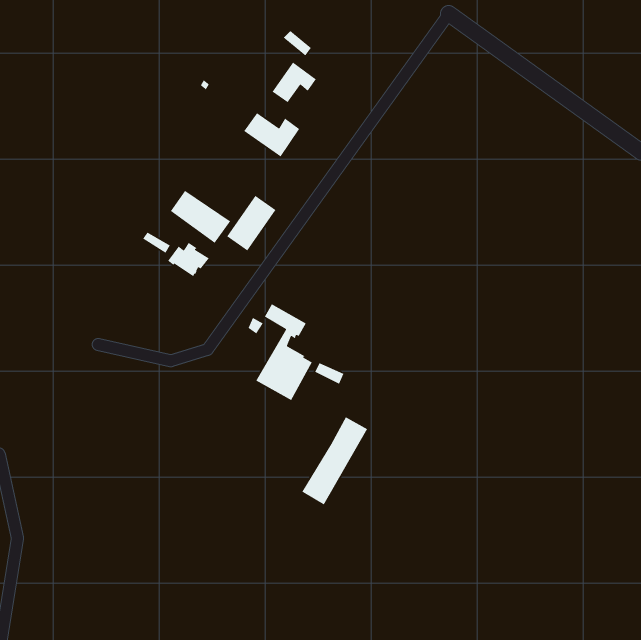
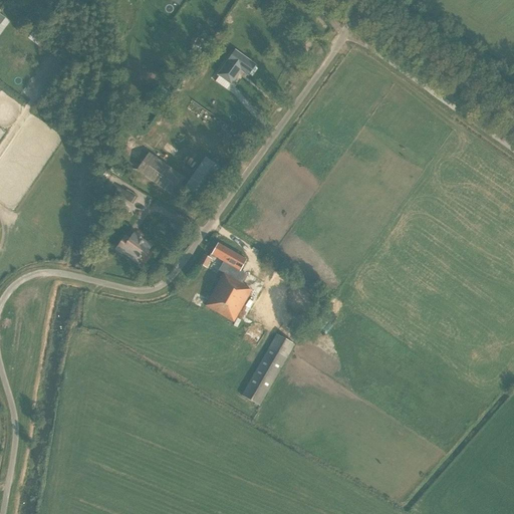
building: [243,112,300,158] -> none
building: [167,242,210,277] -> [115,232,150,260]

